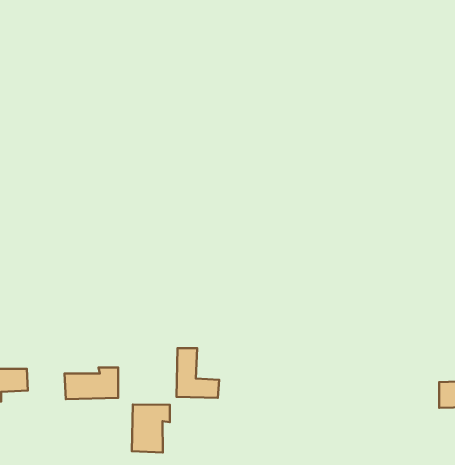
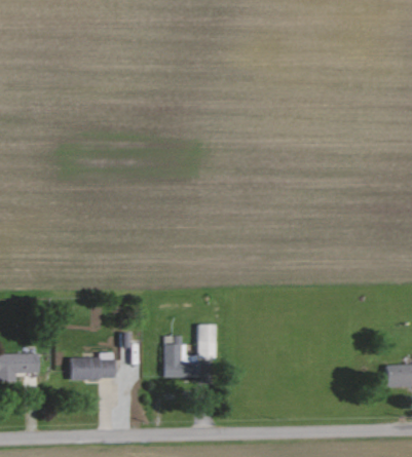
building: none -> [197,323,215,358]
building: [132,405,170,453] -> none

